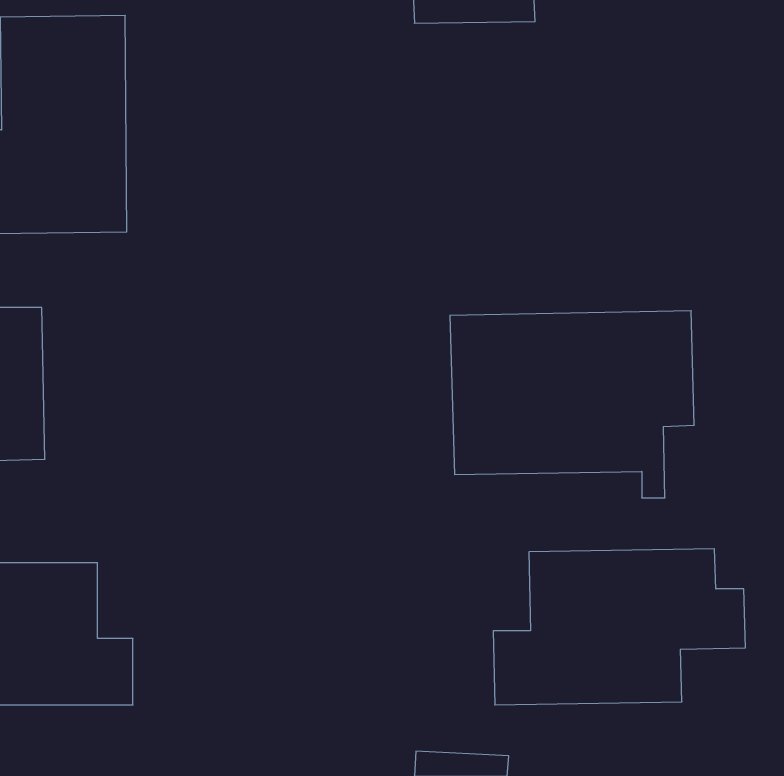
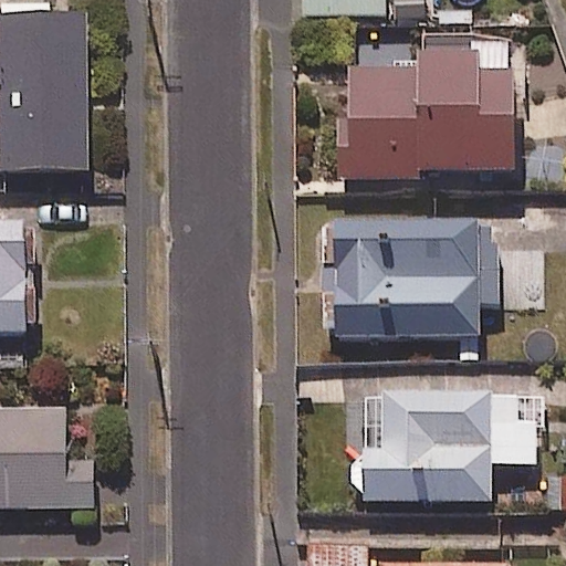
building: none -> [343,30,509,180]

